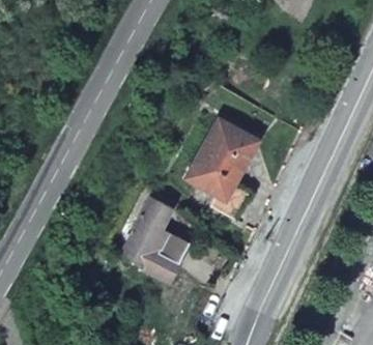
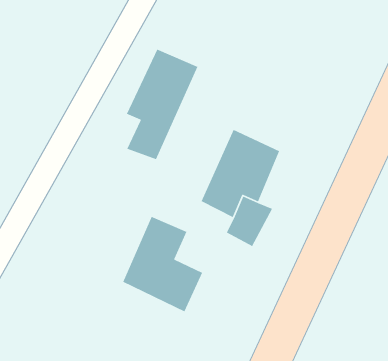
building: none -> [126,48,198,160]

